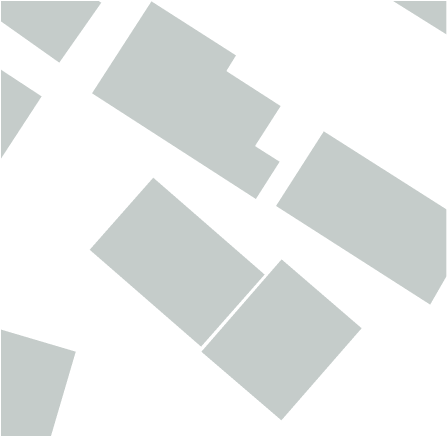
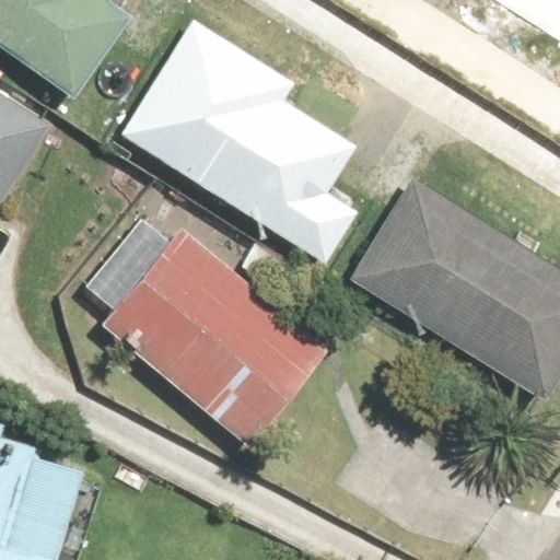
building: [200,258,363,422] -> none

